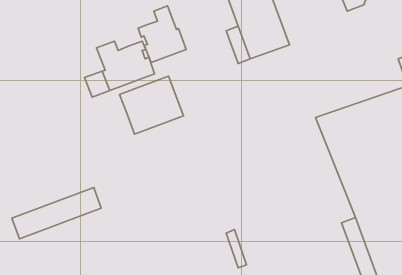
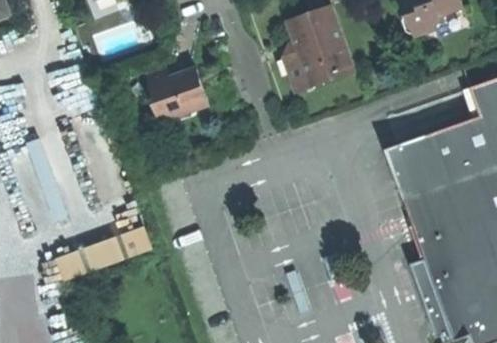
building: [138,6,186,63] -> none
building: [120,76,184,134] -> none

